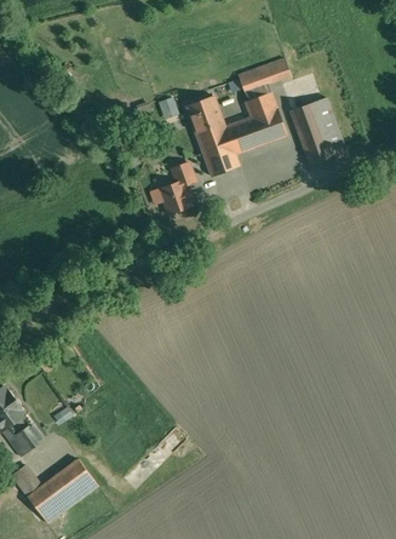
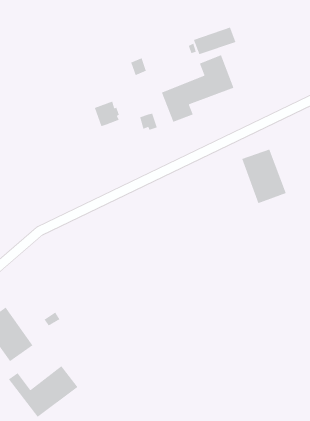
building: [186,92,225,134] -> none
building: [291,96,346,164] -> [241,149,287,204]
building: [160,179,191,212] -> [94,100,120,127]

